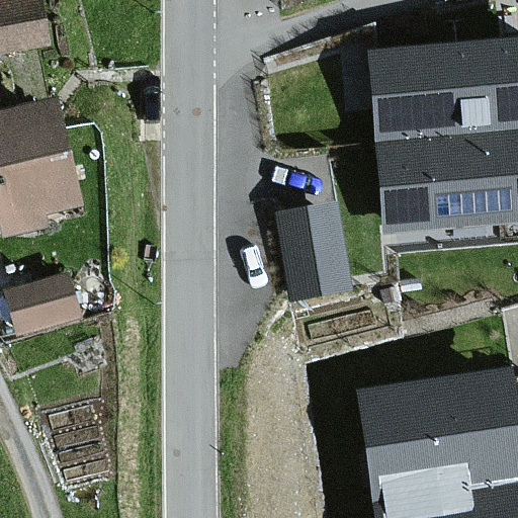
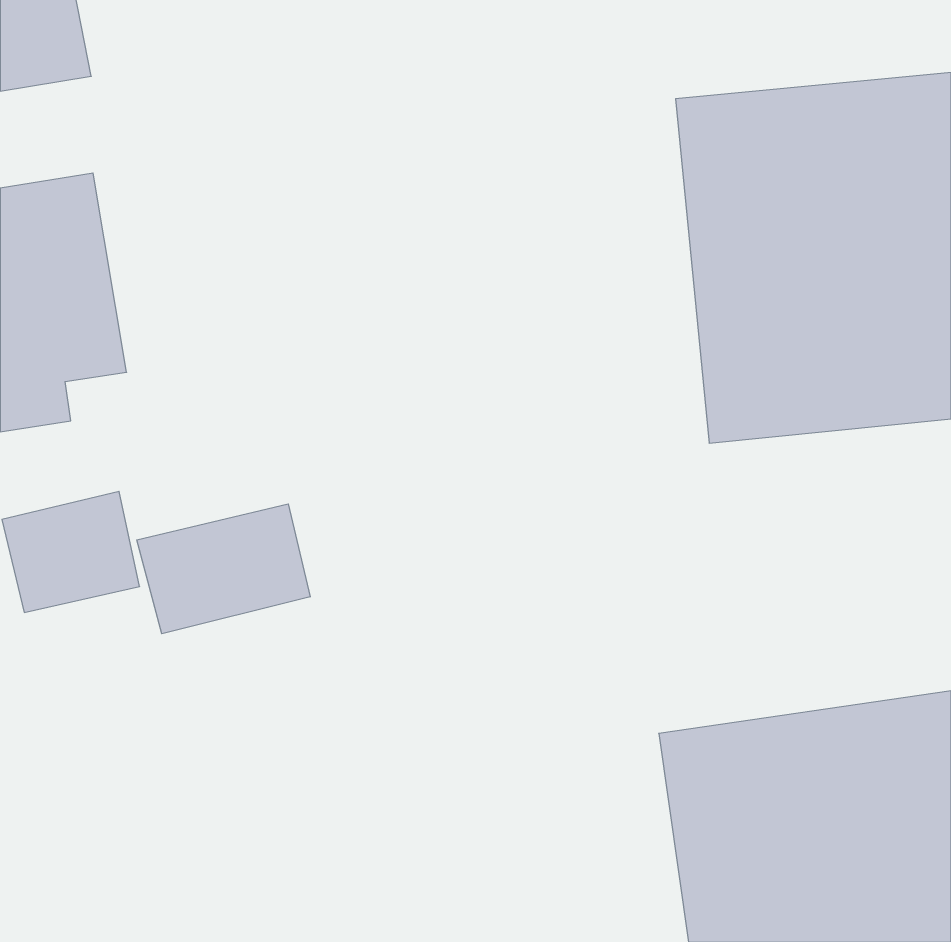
building: [276,201,343,291] -> none
building: none -> [137,504,310,634]

